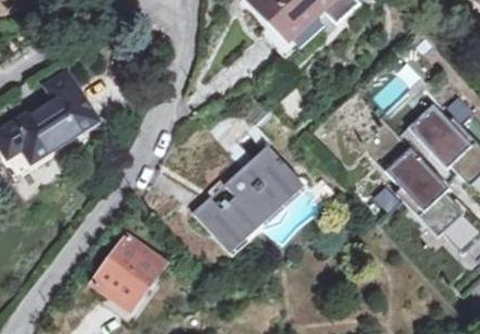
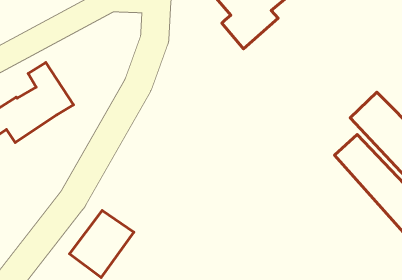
building: [191,146,300,250] -> none

